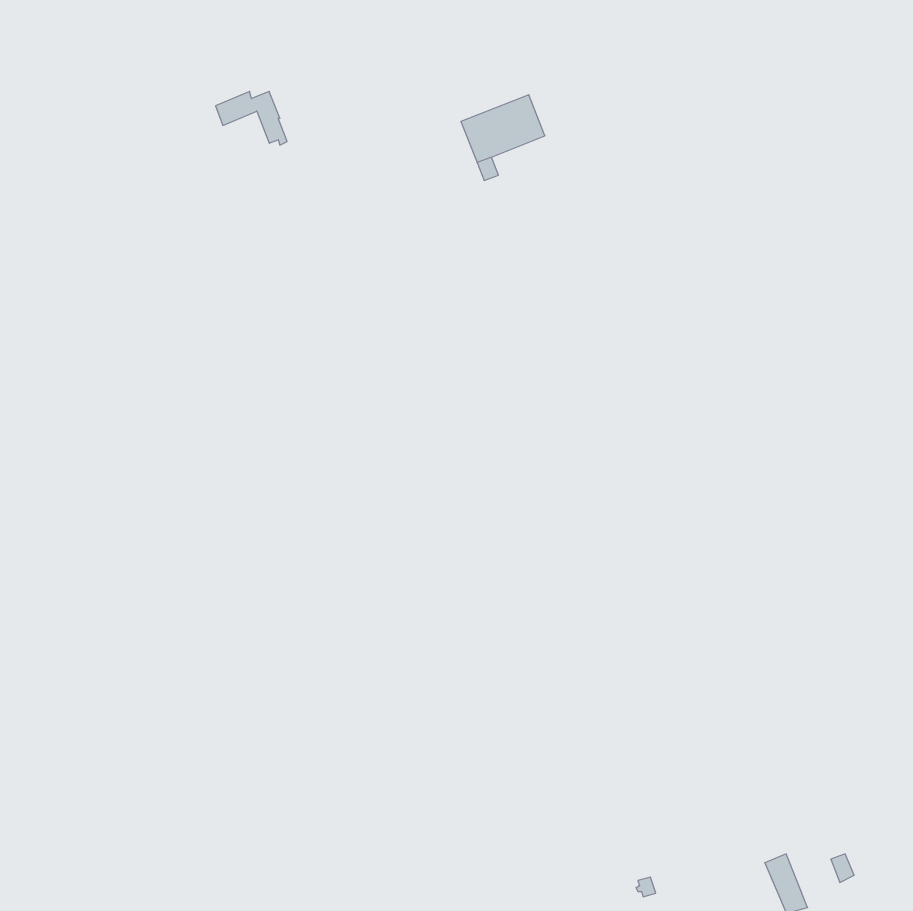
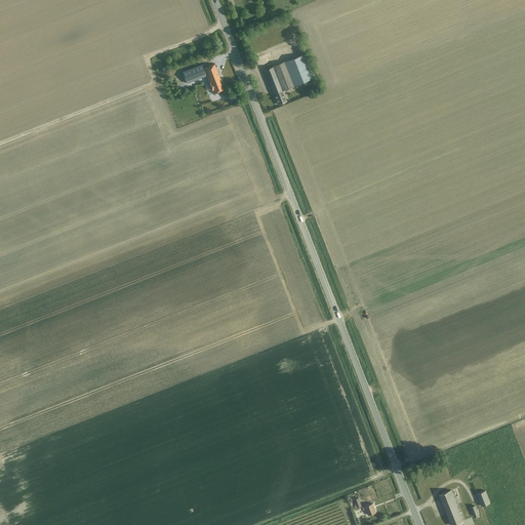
building: [216,91,287,145] -> [184,65,225,95]

